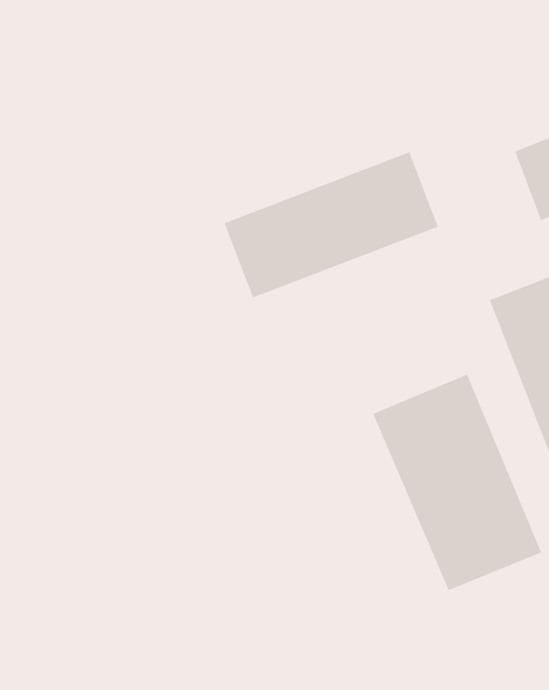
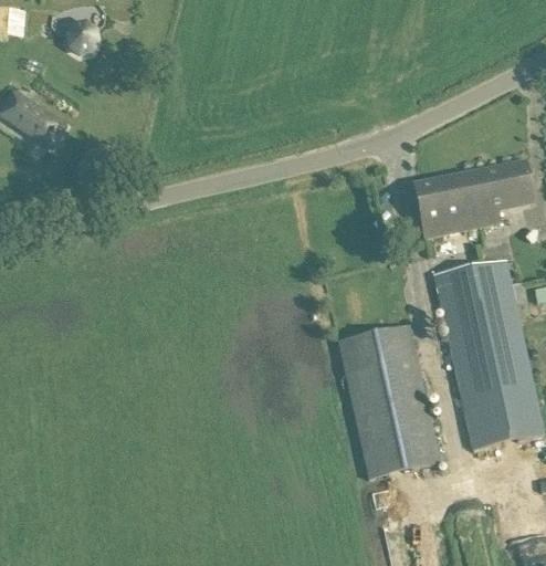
building: none -> [416,171,482,235]
building: [224,151,439,299] -> none

